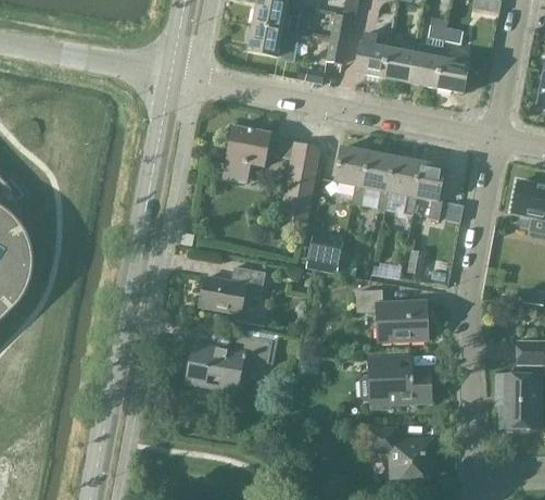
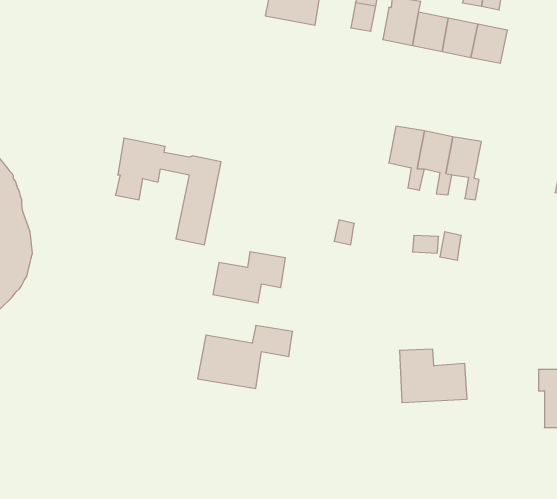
building: [224,125,320,223] -> [115,138,221,245]
building: [333,146,366,204] -> none
building: [356,288,428,341] -> none
building: [369,427,434,476] -> none

